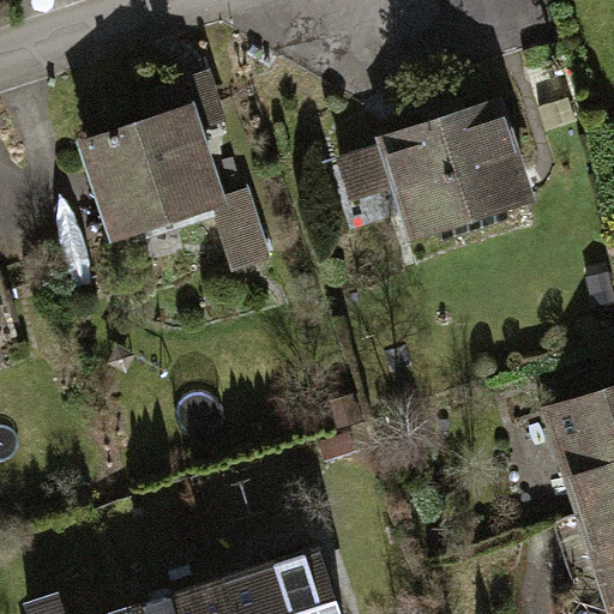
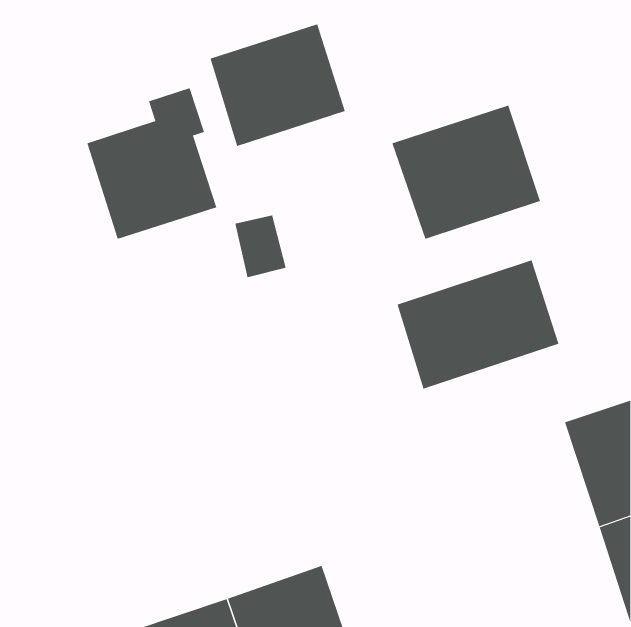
building: none -> [210,24,345,147]
building: none -> [397,260,559,389]

